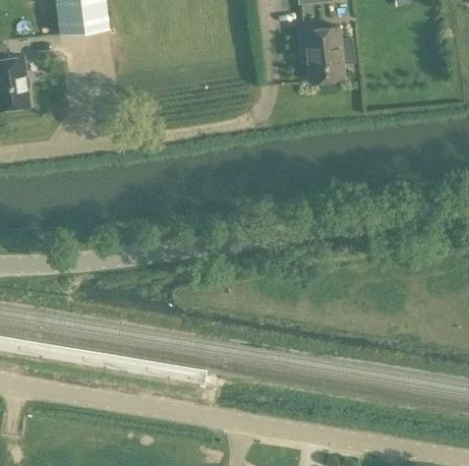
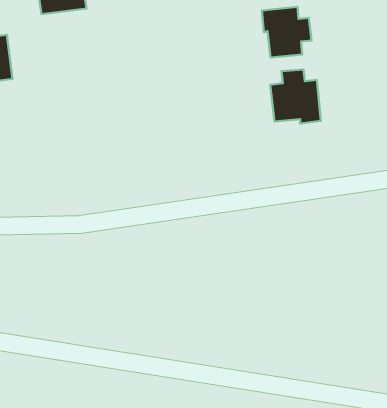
building: none -> [270,69,321,123]

